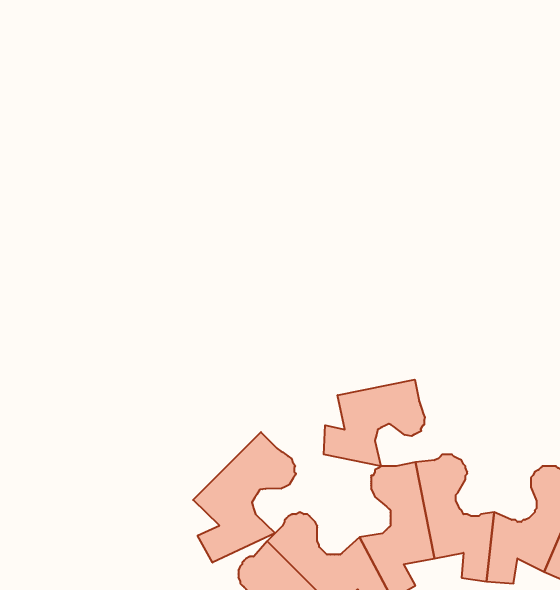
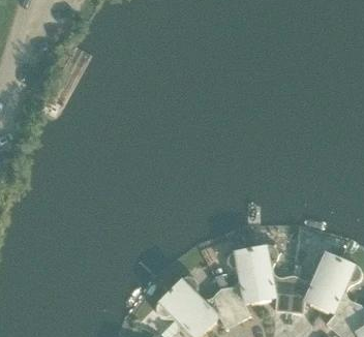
building: [324,380,425,466] -> none
building: [193,432,296,563] -> none

